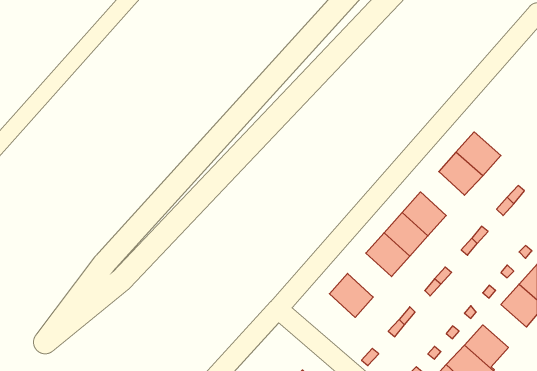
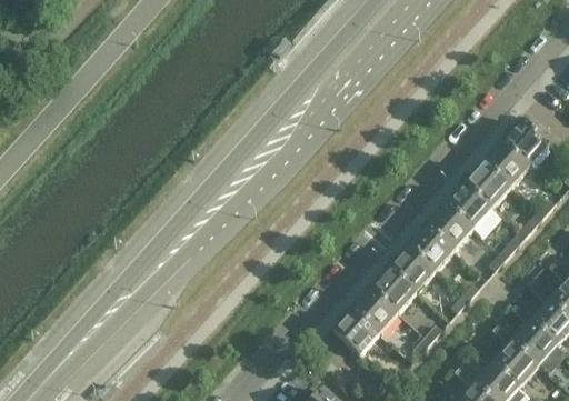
building: none -> [501,119,548,166]
building: none -> [446,182,491,228]
building: none -> [370,267,416,312]
building: none -> [331,309,378,354]
building: none -> [510,320,556,364]

